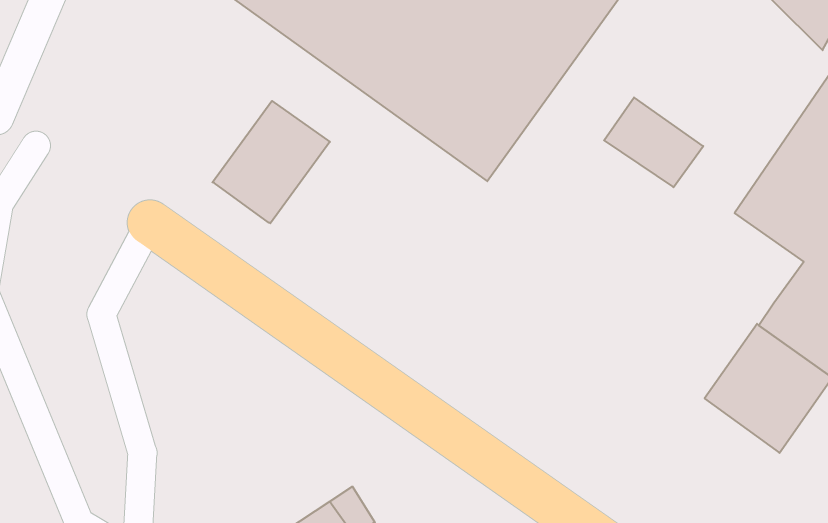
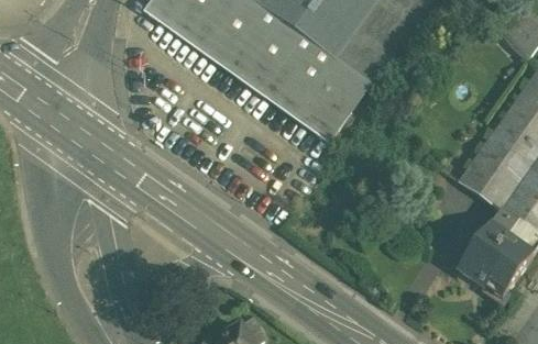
building: [604,97,703,187] -> [457,155,515,208]
building: [212,101,330,223] -> none

